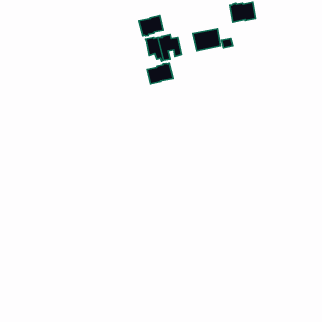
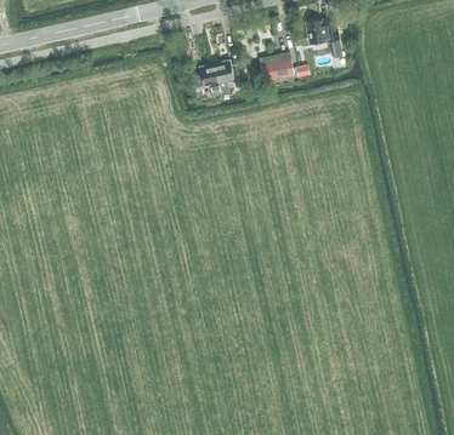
building: [139,16,163,36] -> none
building: [147,63,173,84] -> none

